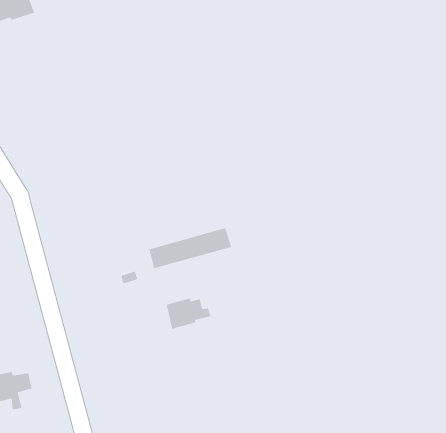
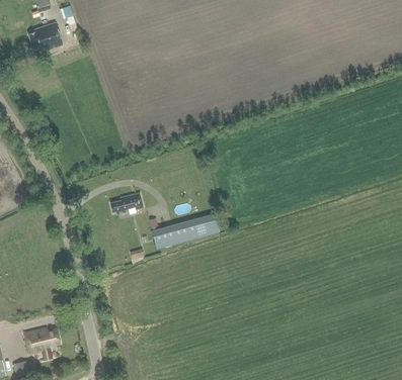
building: none -> [111,192,143,213]
building: [166,297,211,330] -> none

